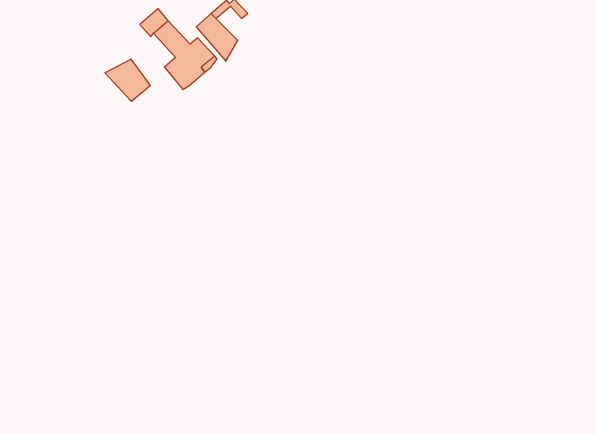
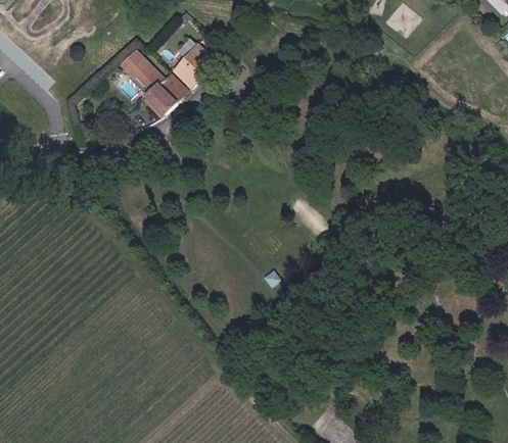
building: [105,59,150,101] -> none

